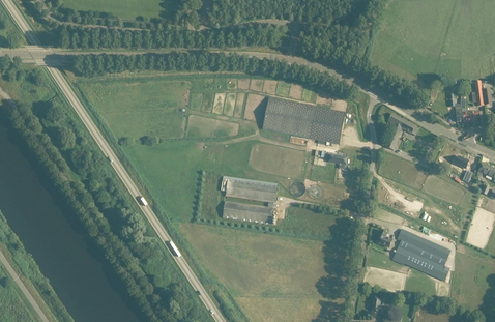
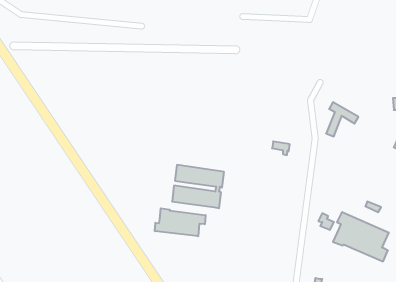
building: [262,97,345,144] -> none
building: none -> [155,208,206,236]

